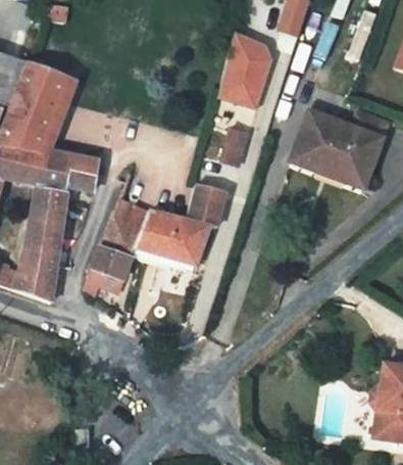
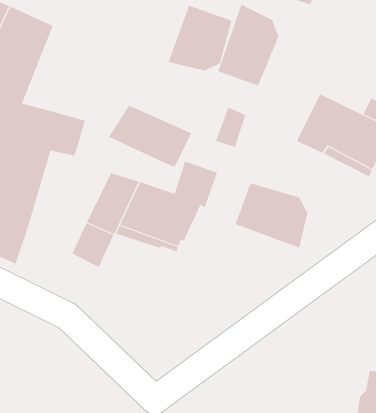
building: none -> [168,5,232,71]
building: none -> [108,105,192,167]
building: none -> [235,182,308,249]

